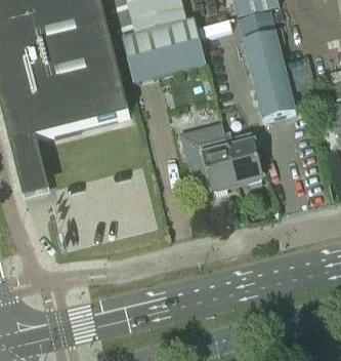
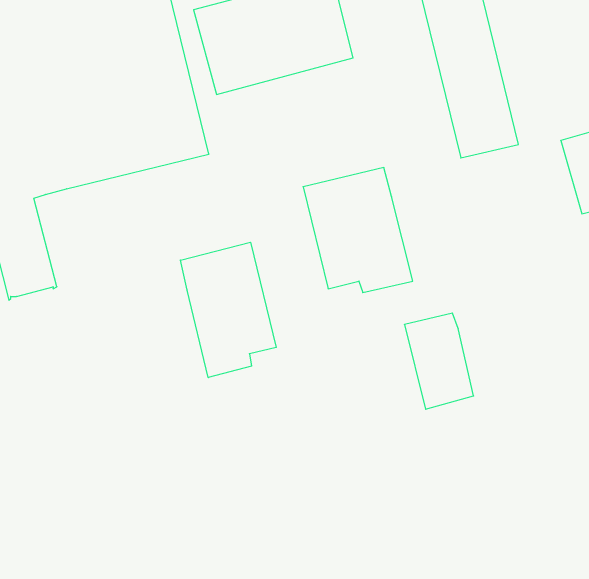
building: [226,130,263,182] -> [404,313,474,409]
building: none -> [180,242,276,378]

